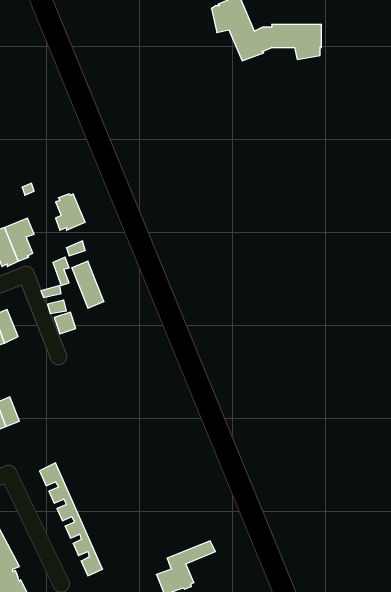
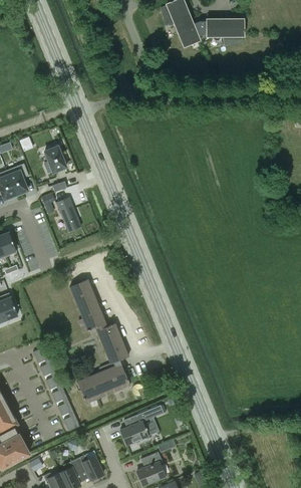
building: none -> [69,279,129,404]

